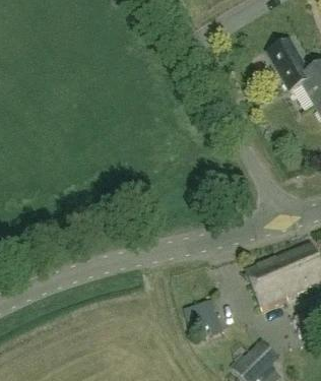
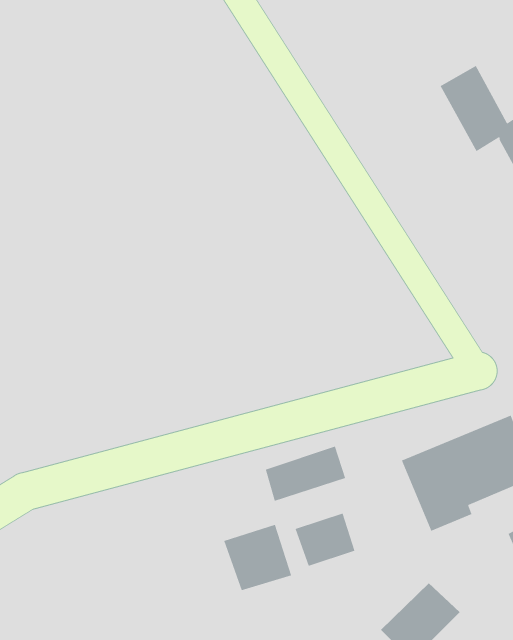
building: none -> [265,445,346,502]
building: none -> [223,524,292,591]

